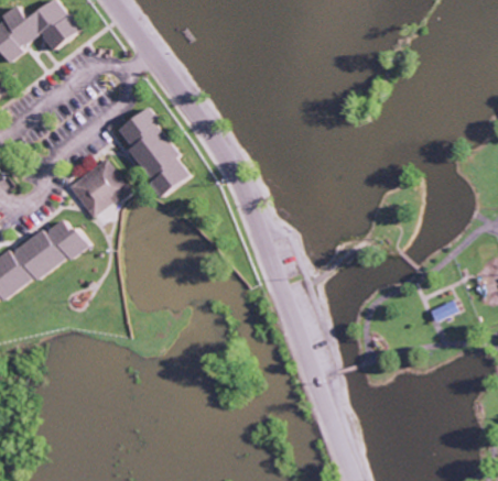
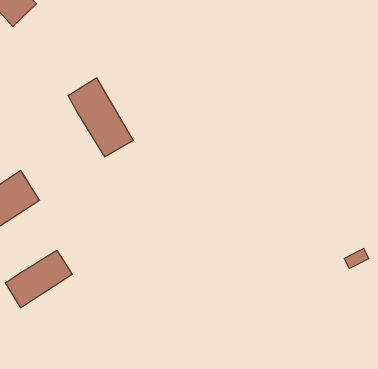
building: [62,157,124,218] -> none
building: none -> [5,250,72,308]

